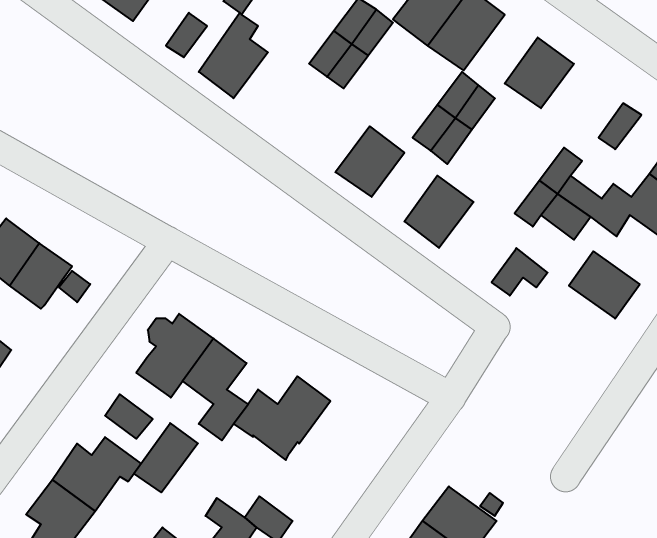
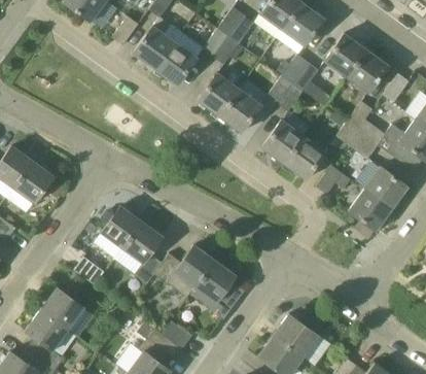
building: none -> [154,42,197,87]
building: none -> [347,49,389,94]
building: none -> [197,73,240,117]
building: none -> [283,136,326,180]
building: none -> [348,189,393,231]
building: none -> [196,261,243,318]
building: [134,423,198,492] -> none

